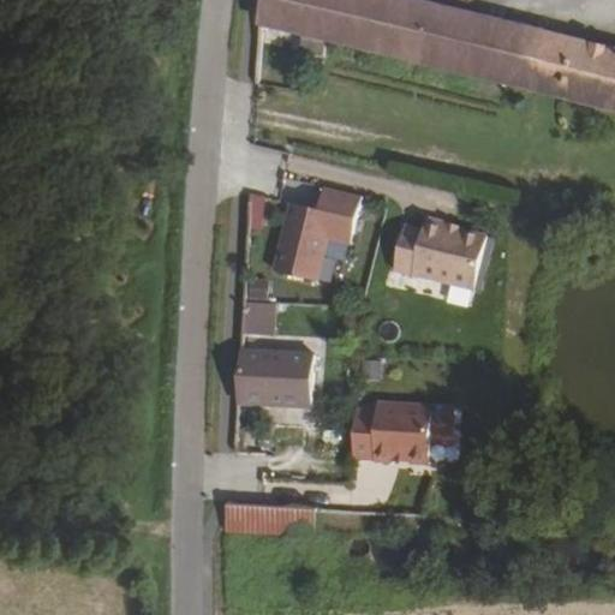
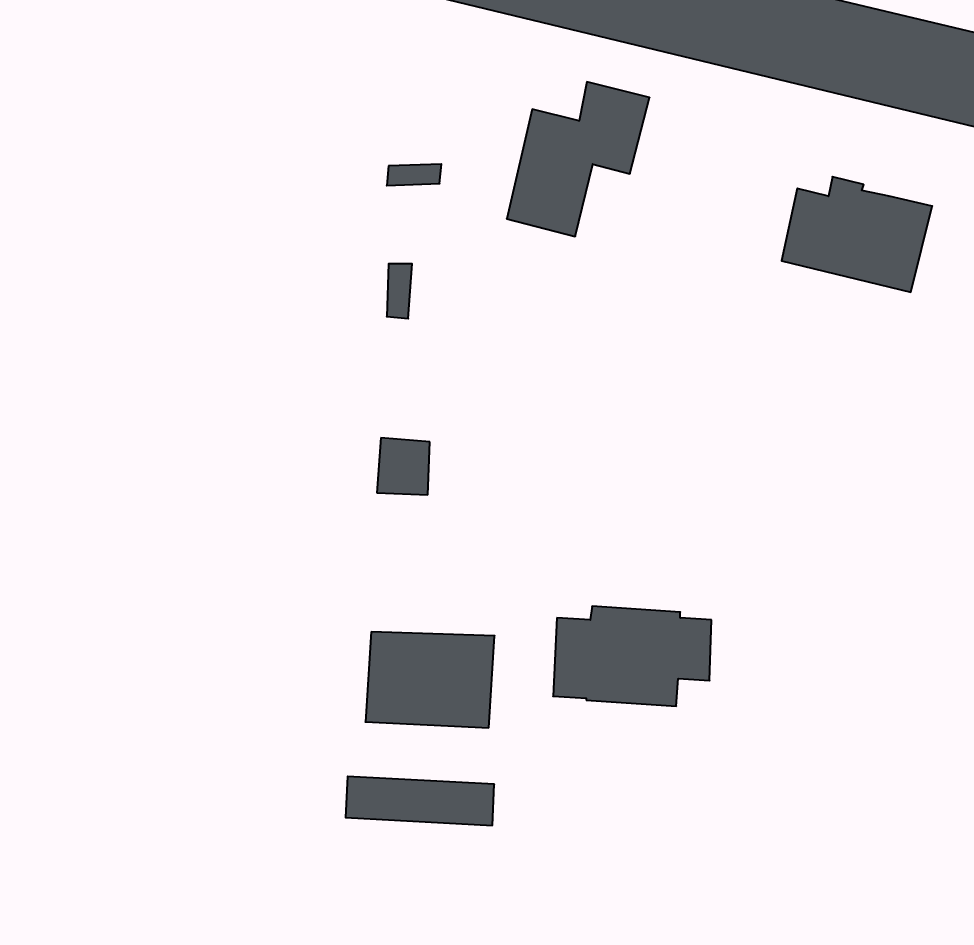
building: [273,185,360,280] -> [507,82,650,236]
building: [393,217,485,288] -> [782,177,932,292]
building: [235,347,315,406] -> [365,632,495,728]

